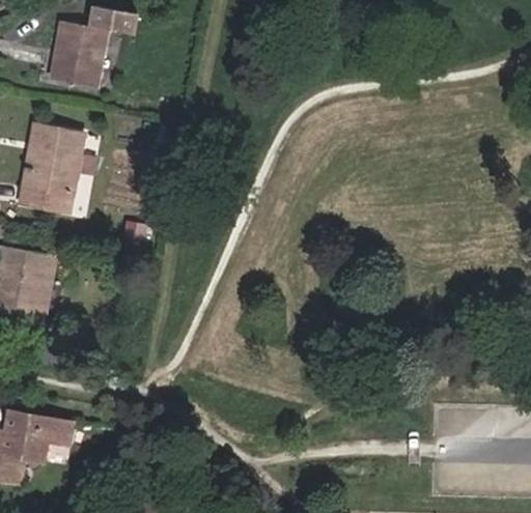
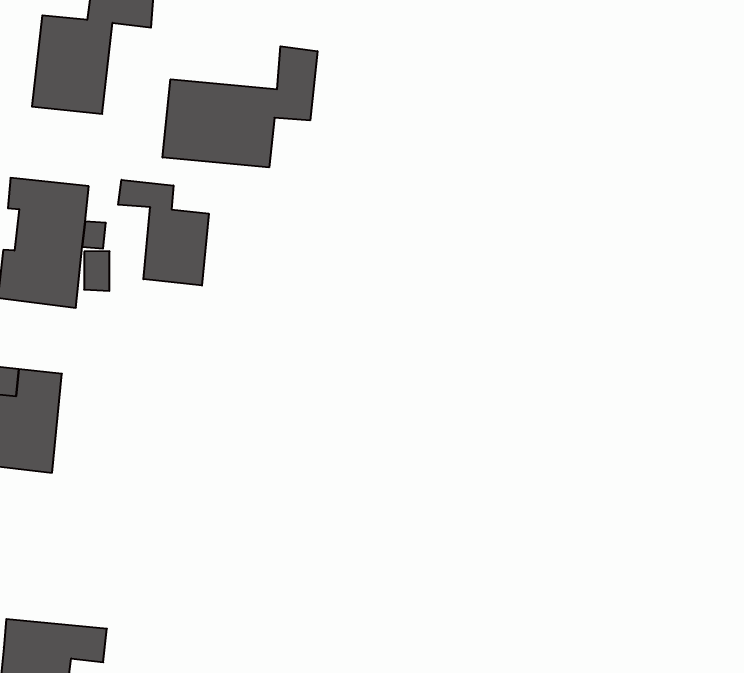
building: none -> [163,46,317,167]
building: none -> [118,180,209,286]

